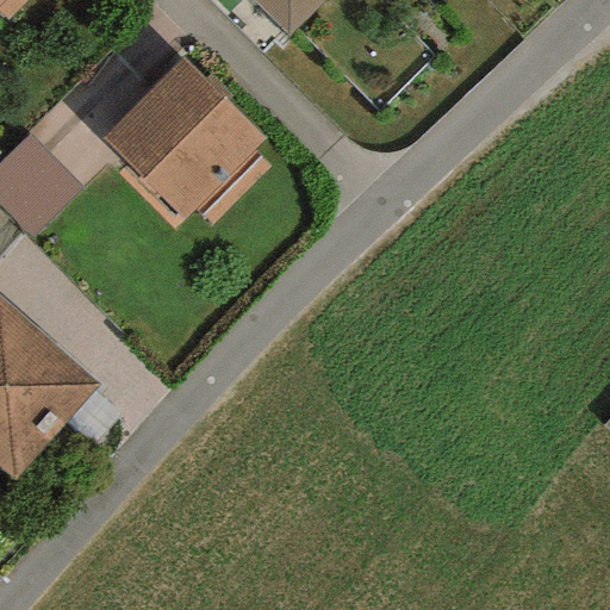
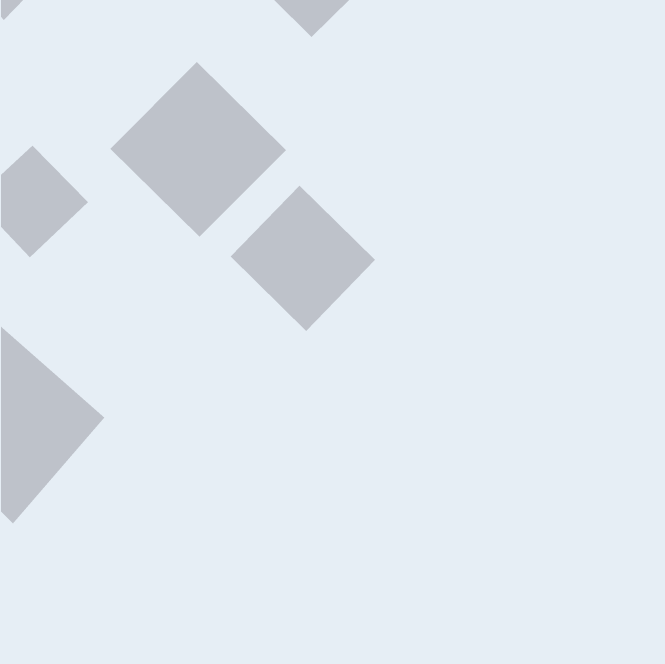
building: none -> [230,185,376,332]

